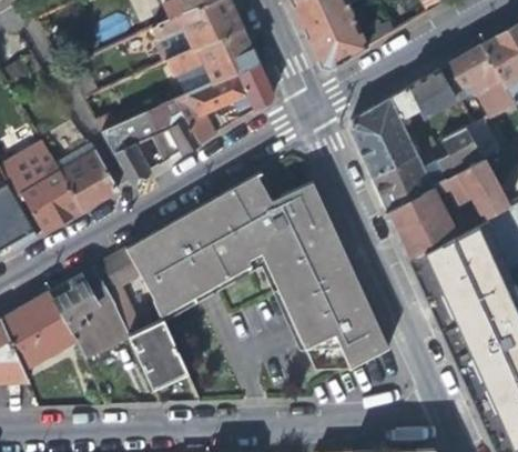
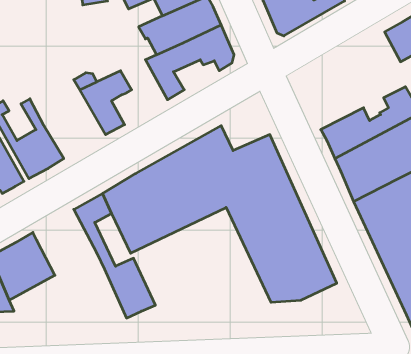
building: [349,79,437,177] -> none
building: [148,99,200,152] -> none
building: [62,151,119,209] -> none
building: [54,265,130,355] -> none

